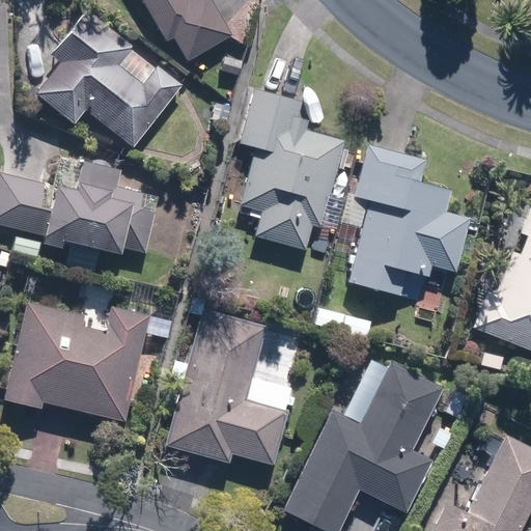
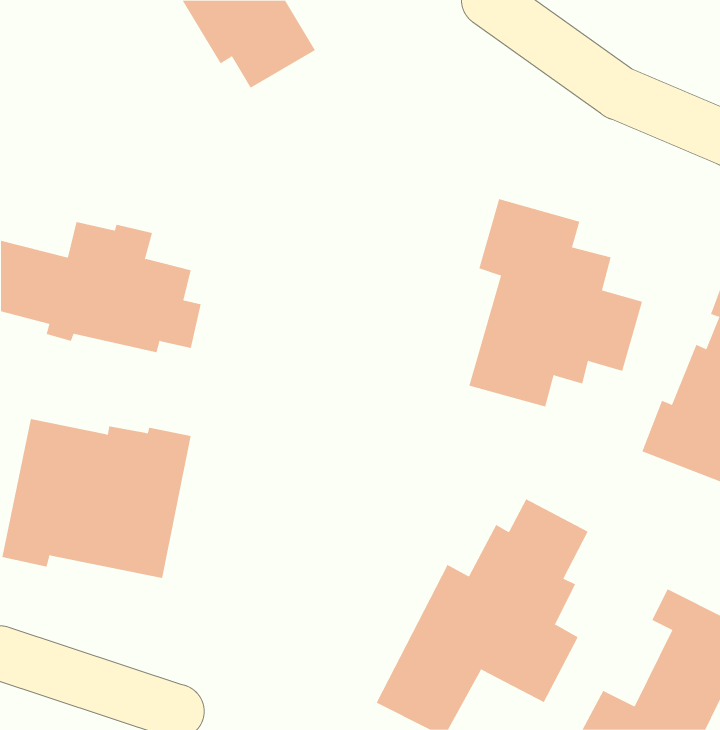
building: [40,9,187,148] -> none
building: [237,86,346,249] -> none
building: [167,308,298,467] -> none

